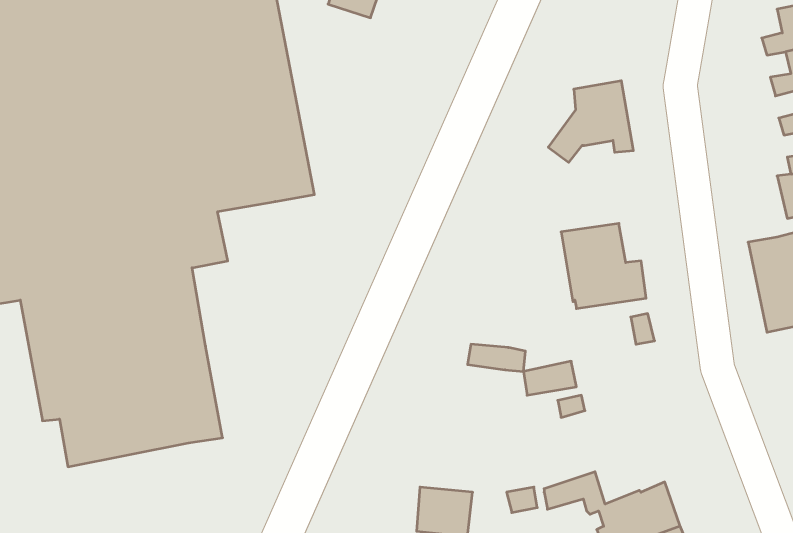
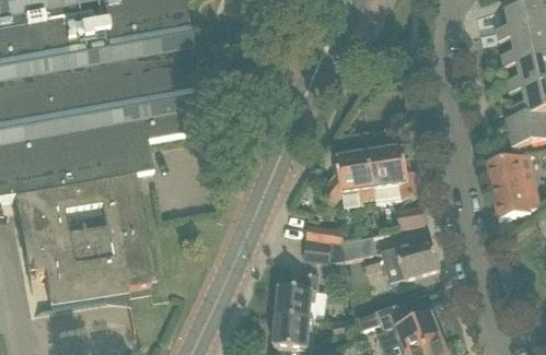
building: [548,81,633,162] -> [318,151,373,203]
building: none -> [303,236,344,261]
building: none -> [394,238,439,276]
building: none -> [275,270,317,318]

